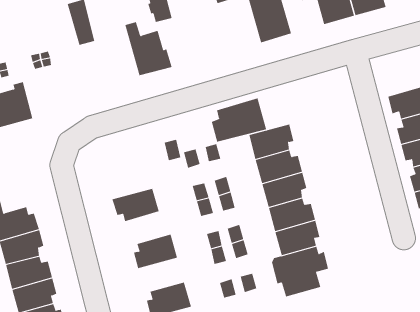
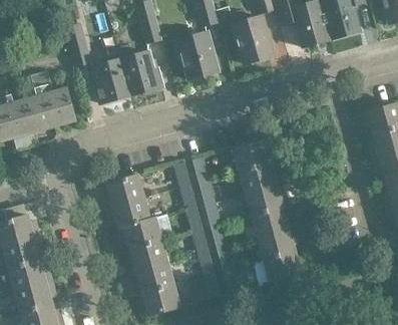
building: none -> [174,32,219,79]
building: none -> [94,47,131,103]
building: none -> [25,88,76,133]
building: [211,98,267,142] -> none
building: none -> [102,175,144,208]
building: none -> [118,218,161,249]
building: none -> [130,262,173,293]

